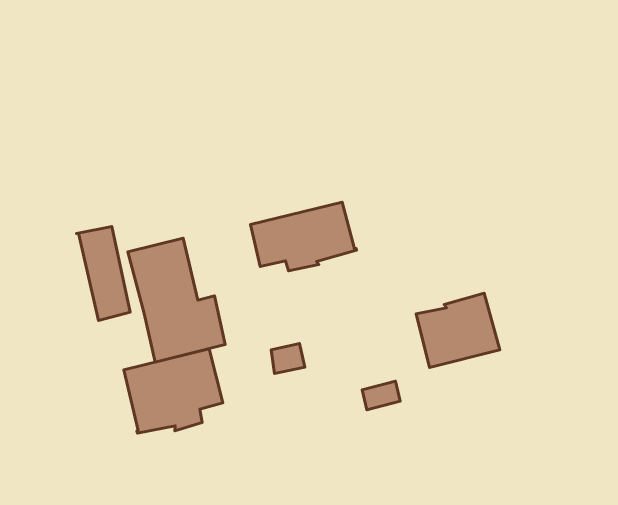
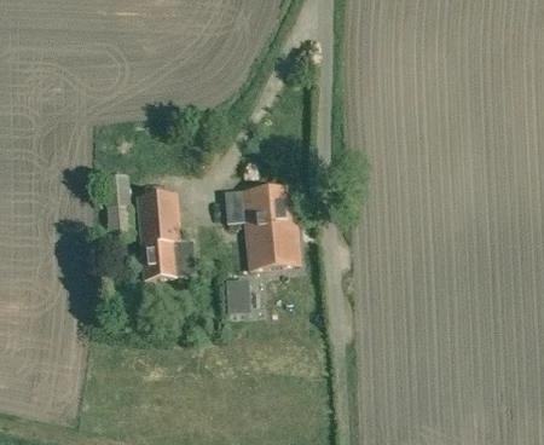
building: [416,293,500,367] -> [245,220,300,266]
building: [124,349,223,433] -> none

